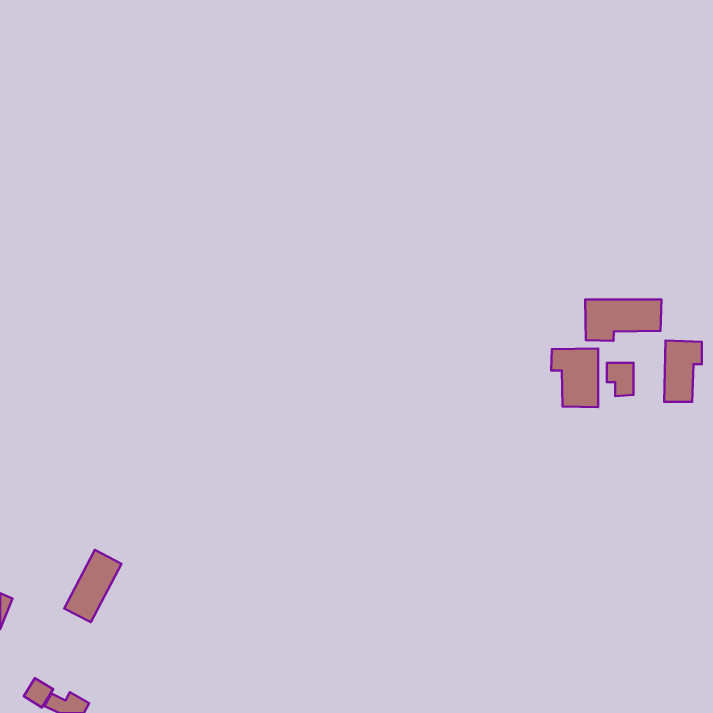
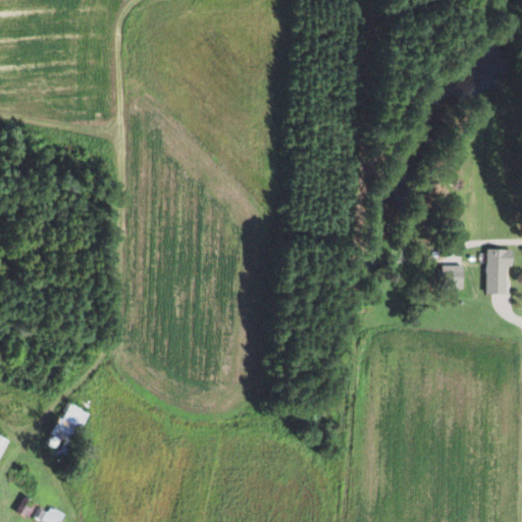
building: [585,299,661,341] -> none
building: [551,349,598,407] -> none

